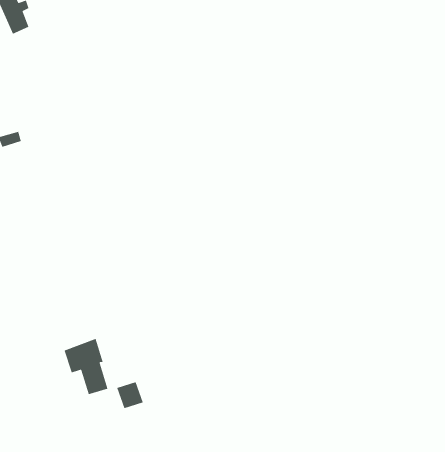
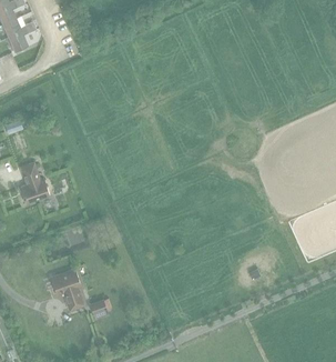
building: none -> [20,162,49,203]

